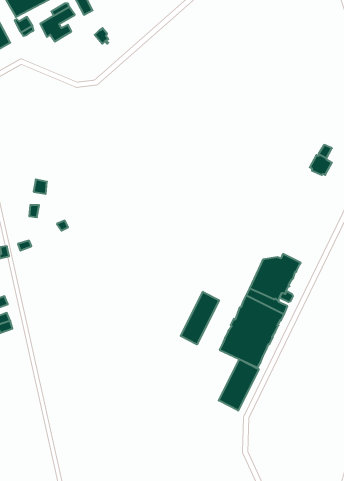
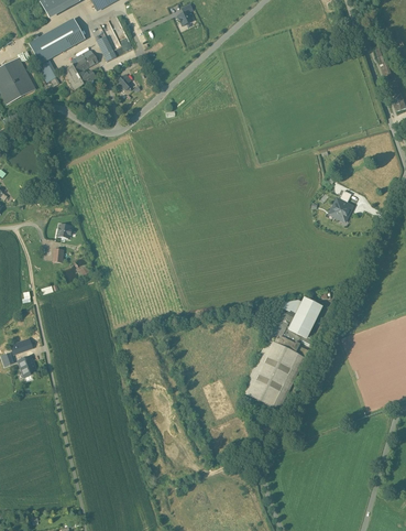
building: [181,292,219,344] -> none
building: [219,359,259,411] -> none

